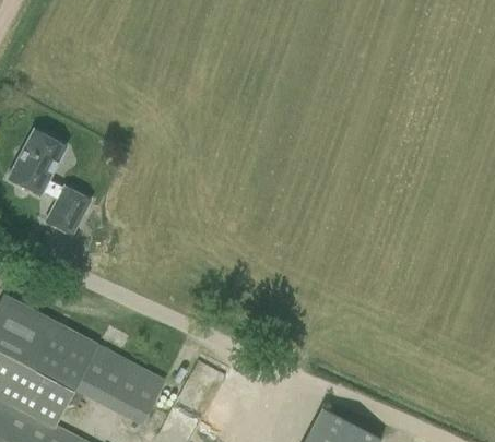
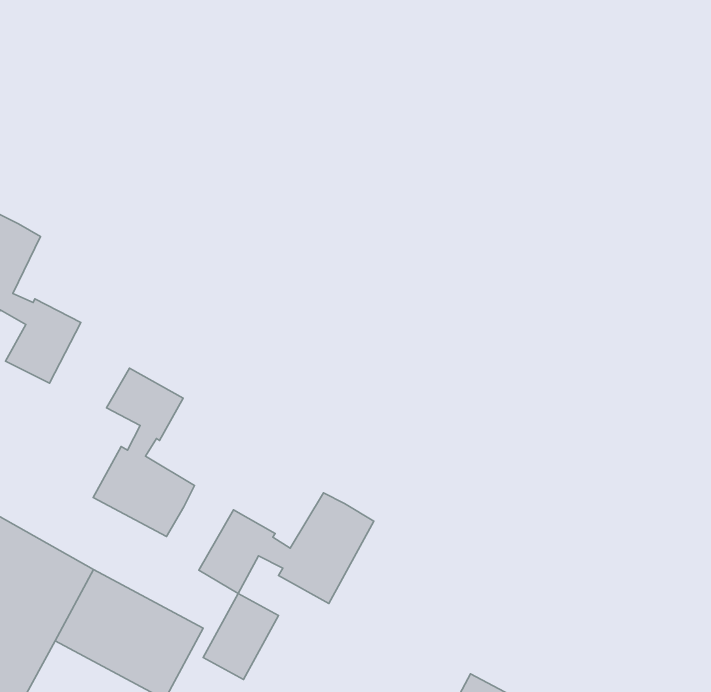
building: none -> [93,368,194,537]
building: none -> [199,493,374,604]

